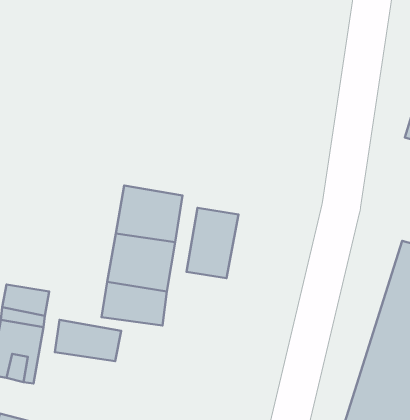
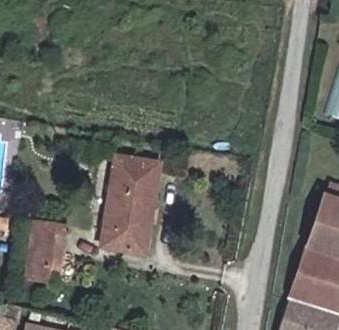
building: [186,208,239,278] -> none
building: [55,320,121,361] -> none

